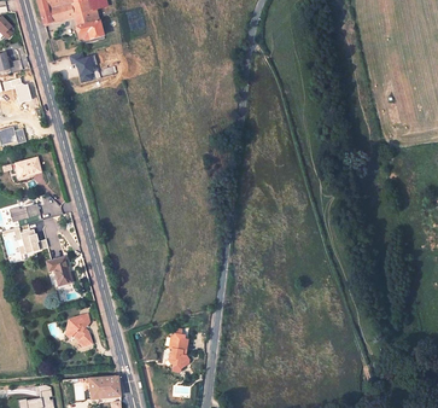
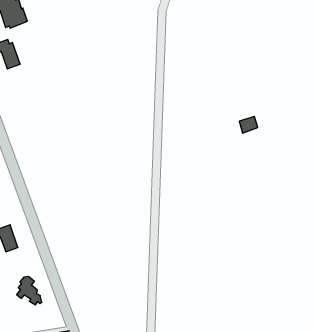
building: [170,338,189,373] -> none

